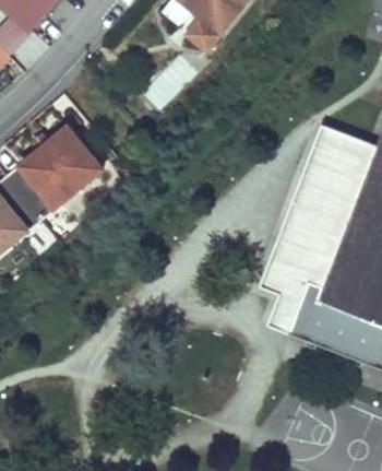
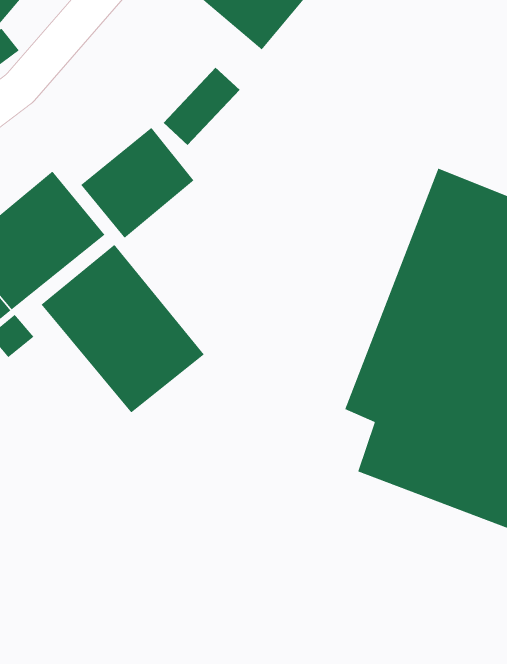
building: none -> [80,127,194,239]
building: none -> [40,244,205,413]

